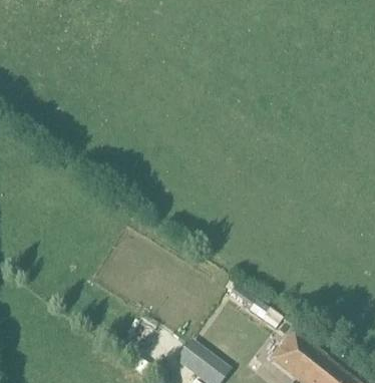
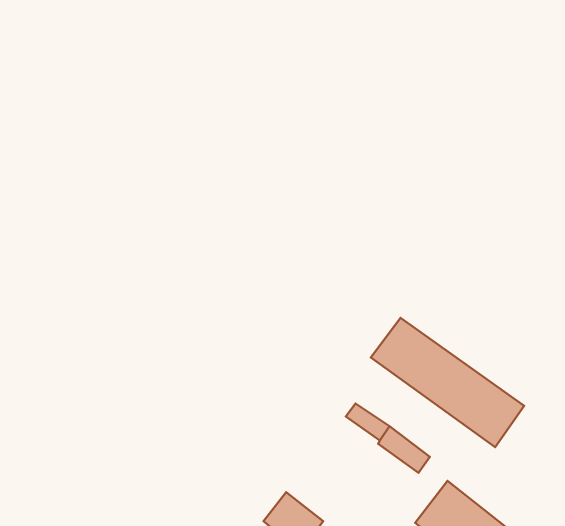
building: none -> [371,318,524,447]

